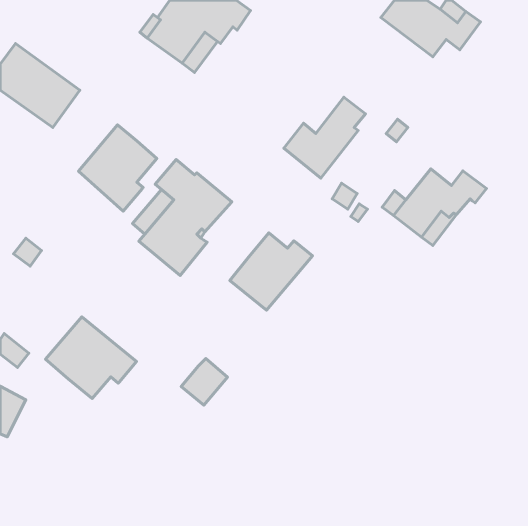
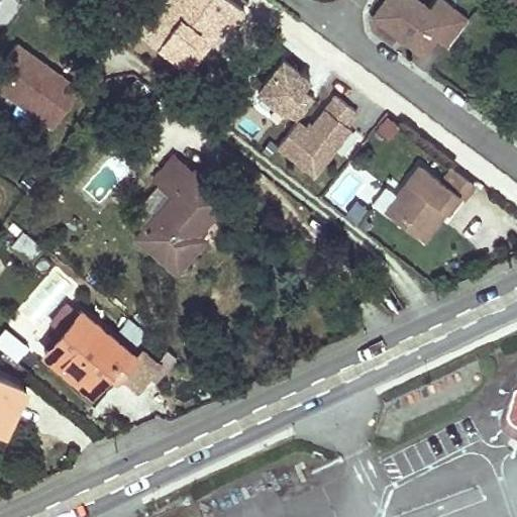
building: none -> [258,61,315,123]
building: [78,125,157,211] -> none
building: [230,233,313,310] -> none
building: [181,359,228,405] -> [117,348,163,394]

